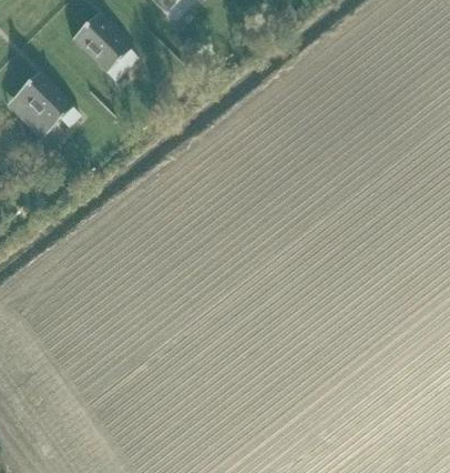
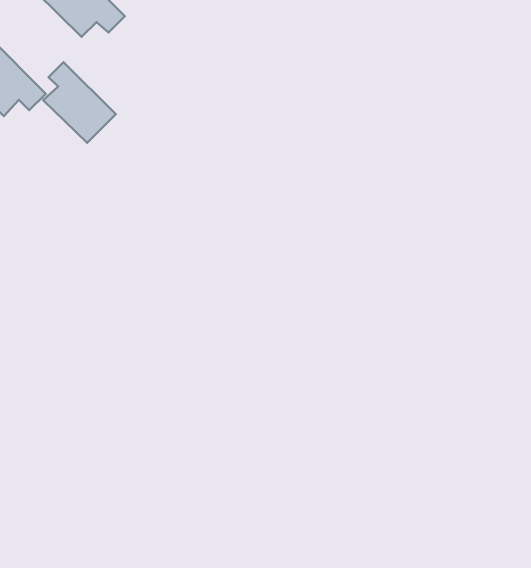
building: none -> [43,62,116,143]

